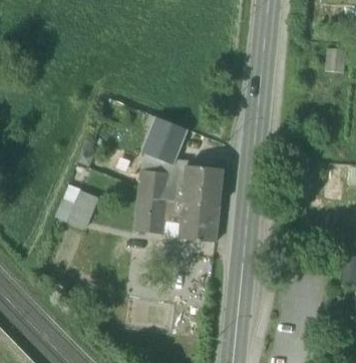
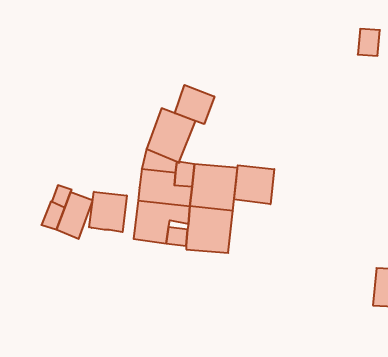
building: none -> [175,85,214,124]
building: none -> [234,165,274,204]
building: none -> [89,192,127,232]

